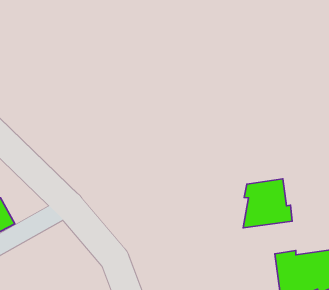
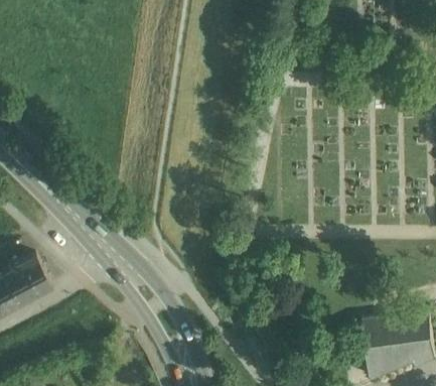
building: [243,179,292,228] -> none

